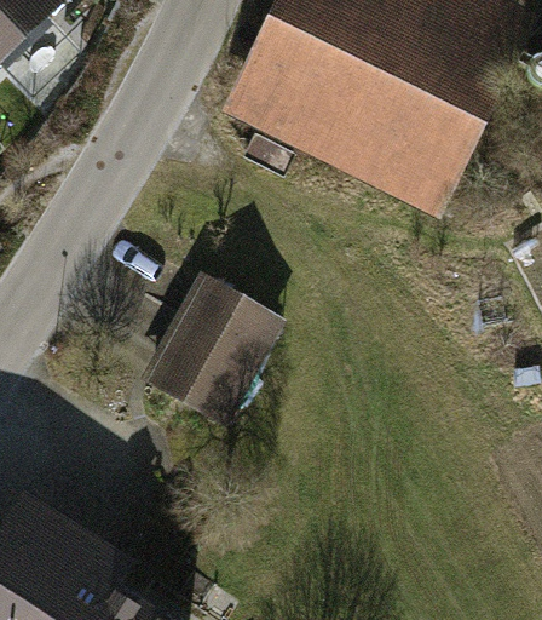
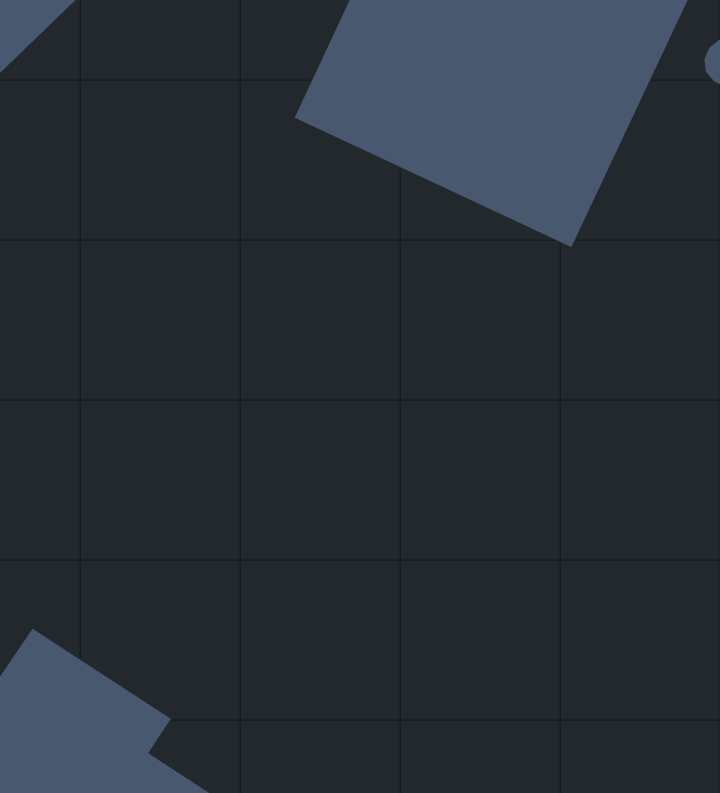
building: [143,270,286,419] -> none

